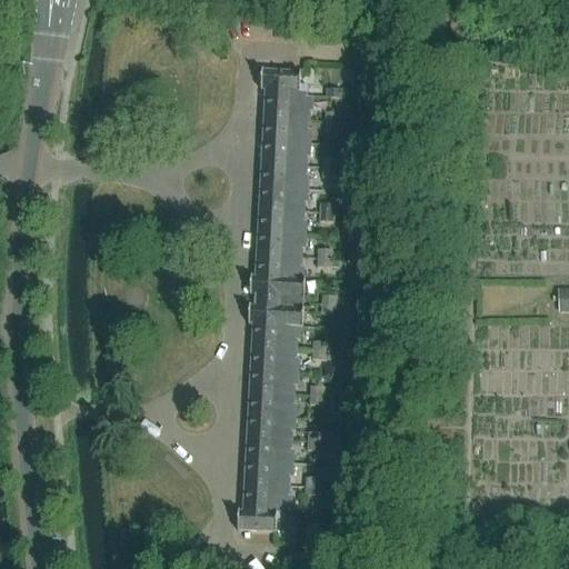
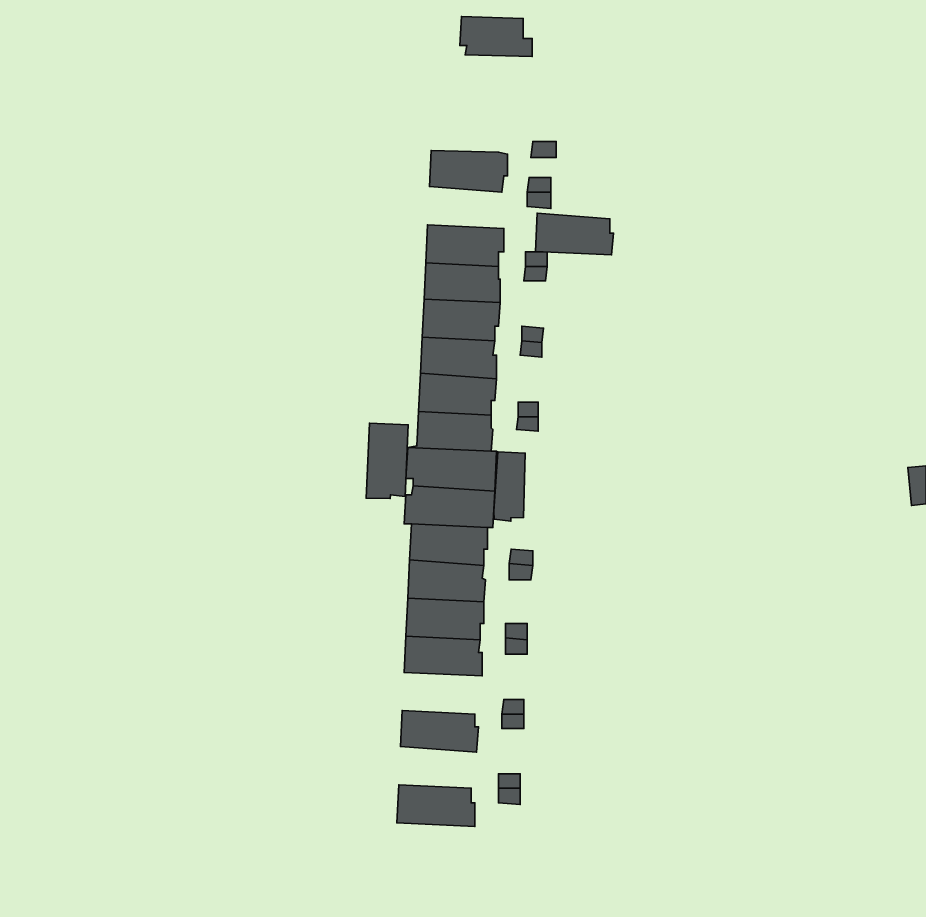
building: [261,69,306,93] -> [460,17,532,56]
building: [262,114,310,140] -> [536,213,613,255]
building: none -> [366,423,408,499]
building: none -> [494,452,525,521]
building: [247,412,296,438] -> none
building: [244,458,292,483] -> none
building: [238,505,291,530] -> none

